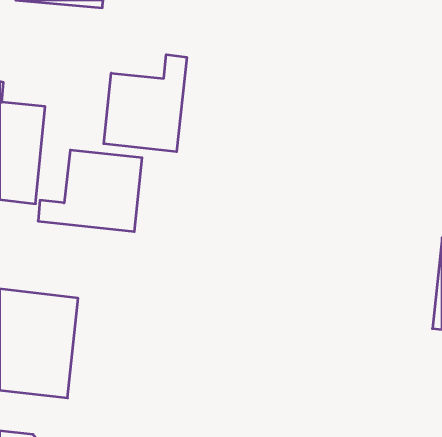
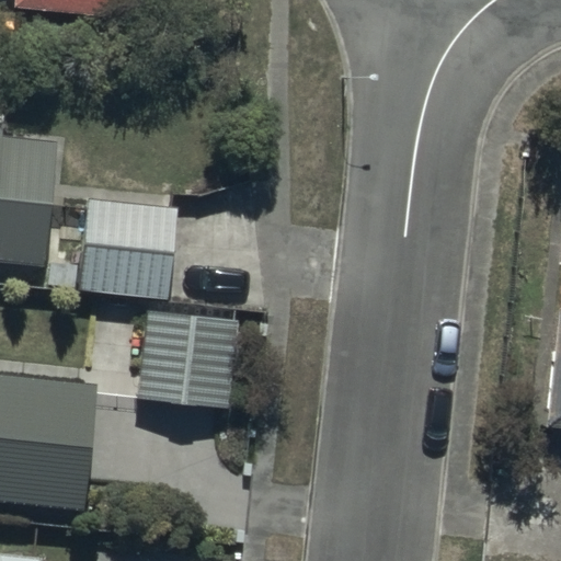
building: [104,55,187,152] -> none
building: none -> [137,313,236,409]

